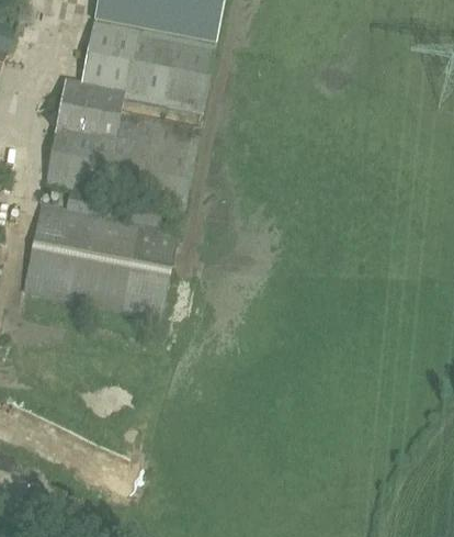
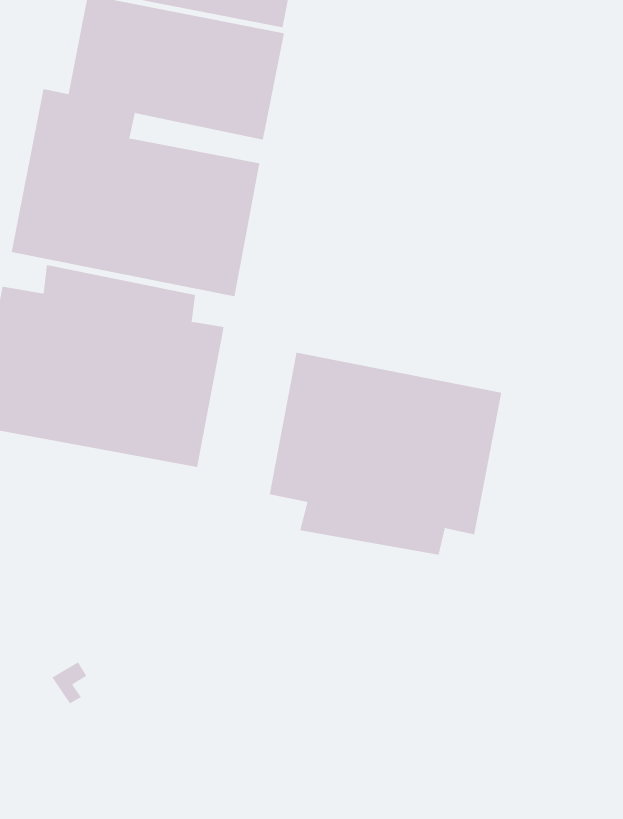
building: none -> [269,352,502,555]

